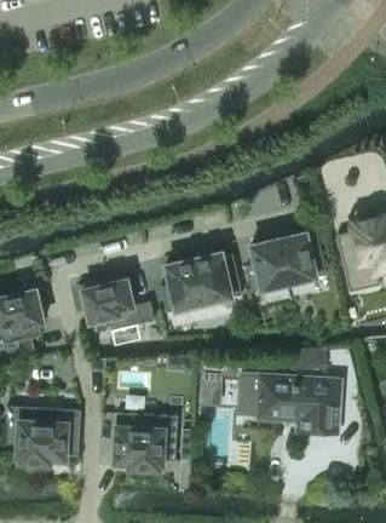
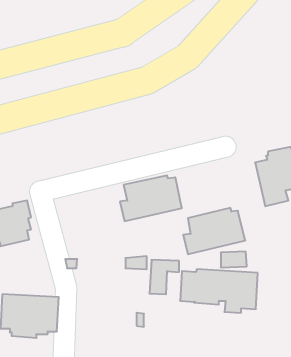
building: [244,232,325,293] -> [183,208,245,254]
building: [77,280,154,331] -> none
building: [114,414,177,471] -> none

